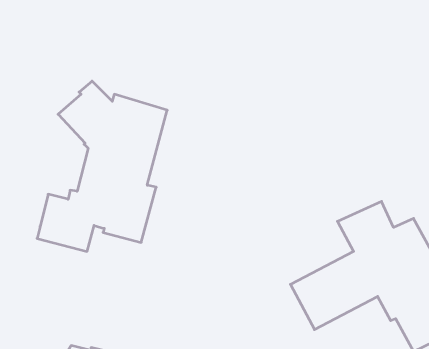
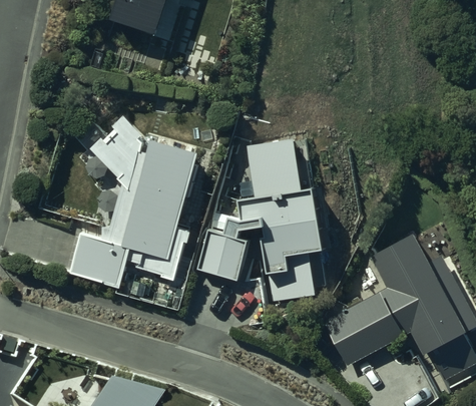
building: none -> [196,137,324,300]

